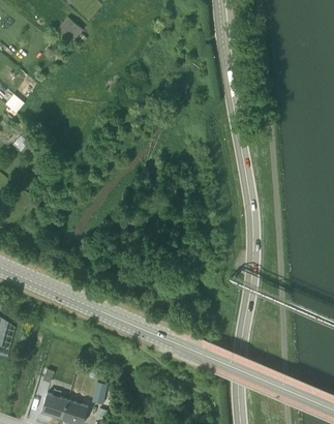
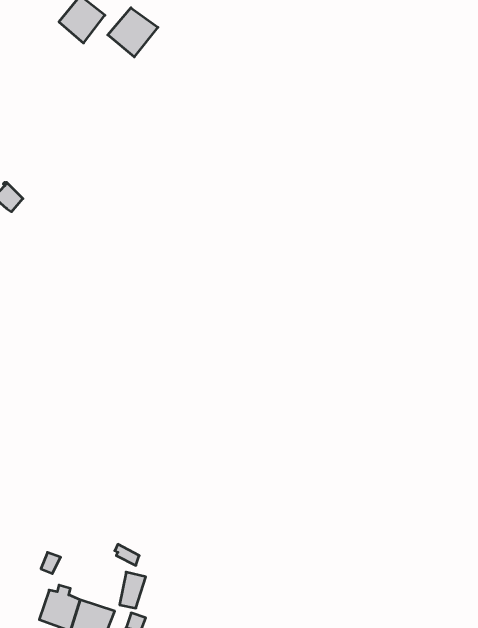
building: none -> [108,8,158,57]

